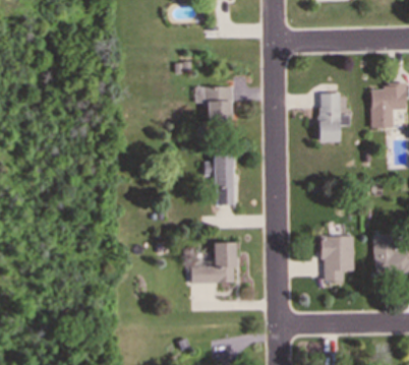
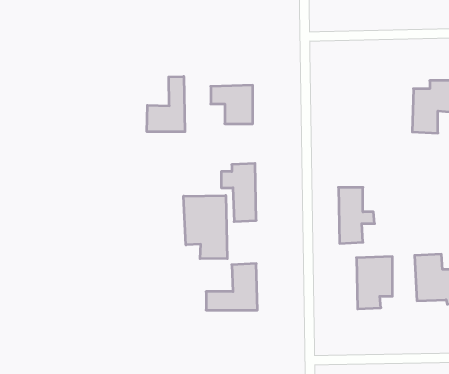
building: none -> [147,76,185,132]
building: [319,94,351,142] -> [338,187,375,243]
building: none -> [184,195,227,259]

